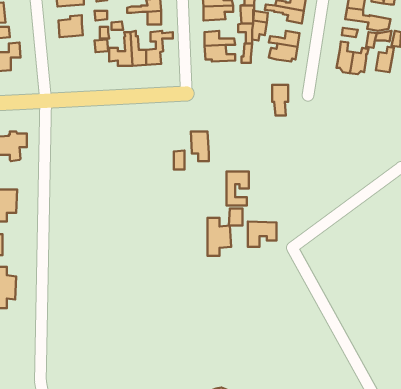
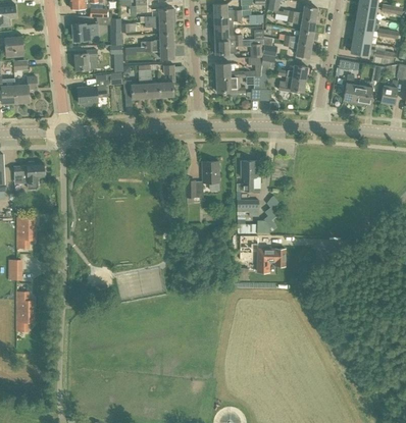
building: none -> [78,85,107,106]
building: [272,85,288,116] -> [241,161,256,191]
building: [208,218,231,256] -> none

